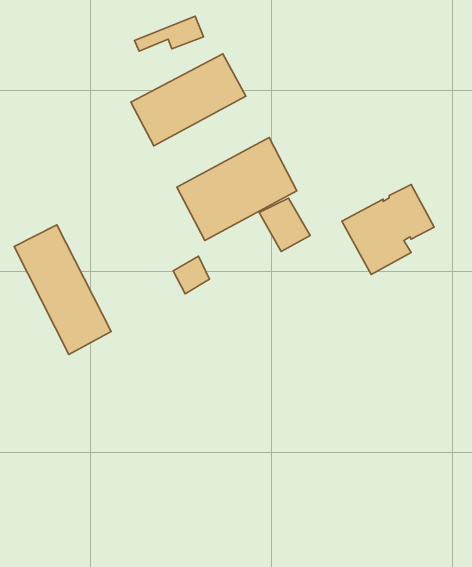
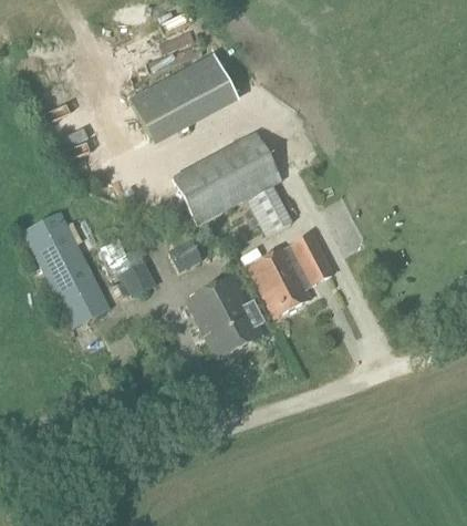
building: [342,185,434,274] -> [248,235,332,317]
building: none -> [118,260,157,298]
building: none -> [186,277,263,359]

